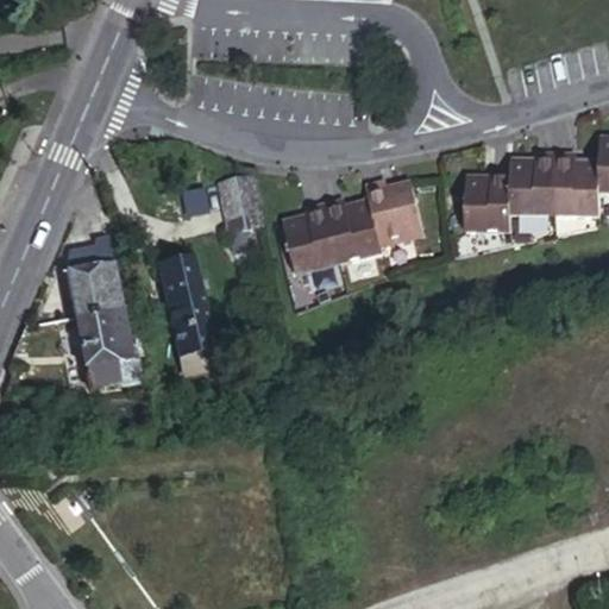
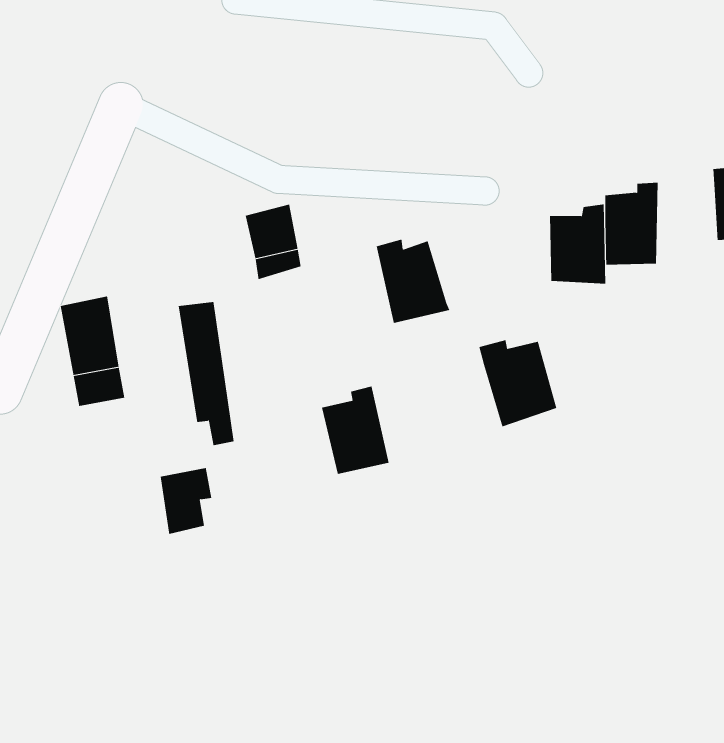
building: [553,149,603,216] -> none
building: [363,177,427,249] -> [479,340,557,427]
building: [282,202,338,275] -> [321,386,390,475]
building: [81,326,124,381] -> [160,468,212,535]

